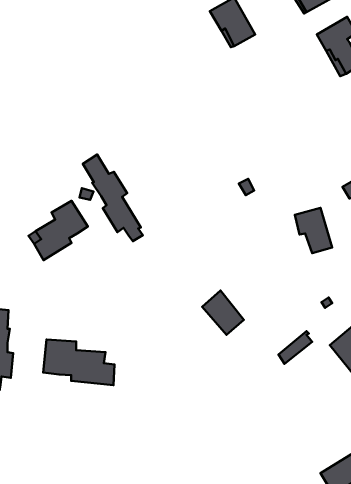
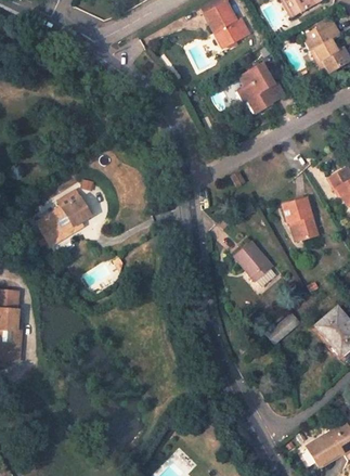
building: none -> [238,63,285,112]
building: [83,155,143,241] -> none
building: [202,291,244,335] -> [233,240,272,281]
building: [43,339,115,385] -> none

